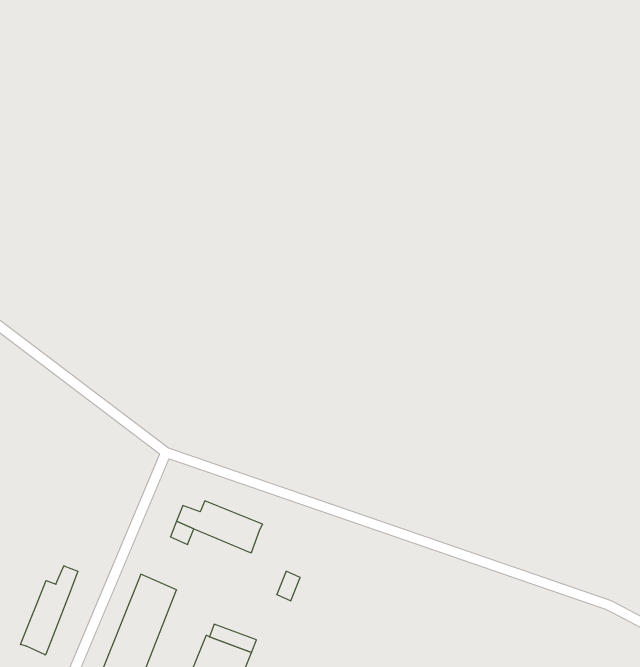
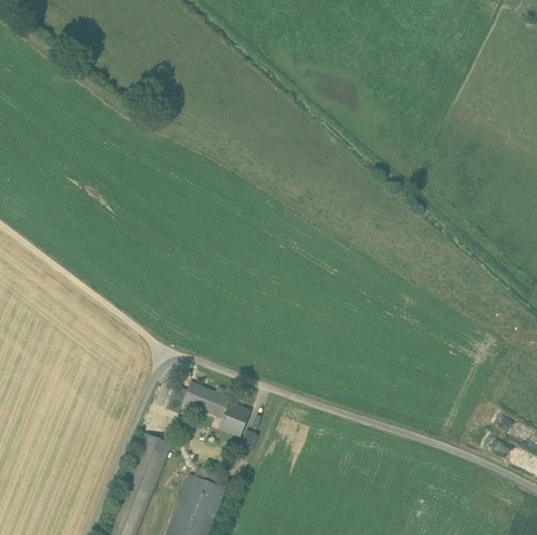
building: none -> [219,404,248,435]
building: [21,566,78,655] -> none

